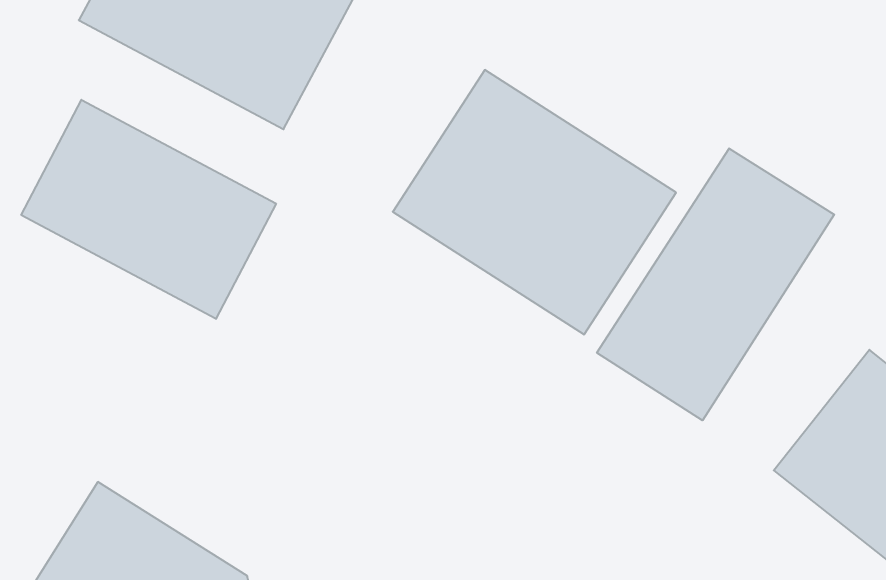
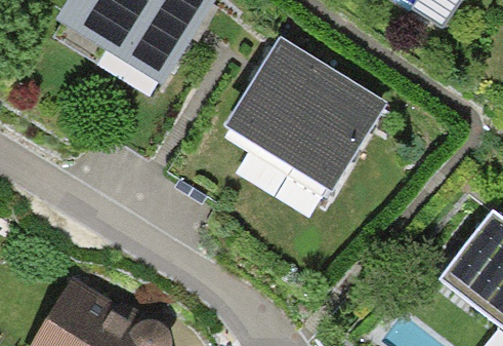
building: [21,100,276,319] -> none
building: [597,148,834,420] -> none

